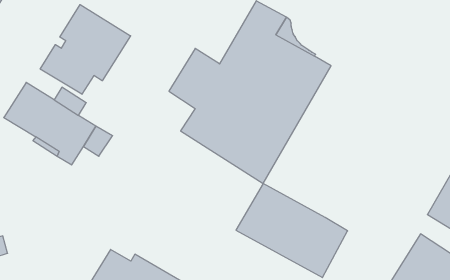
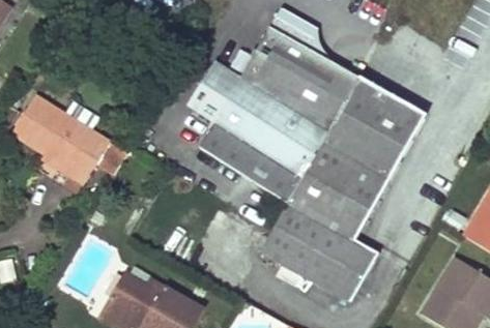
building: [40,5,131,94] -> none
building: none -> [288,78,426,239]

